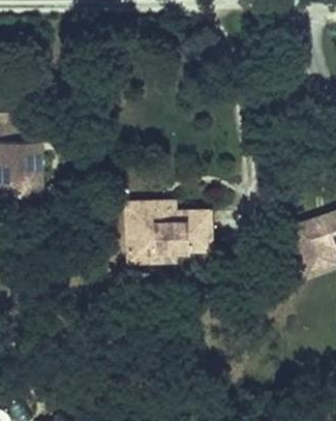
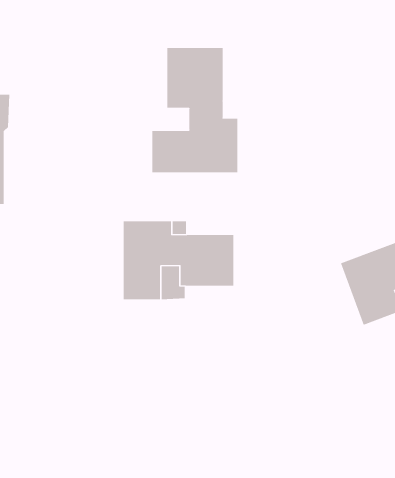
building: none -> [152,47,238,173]

